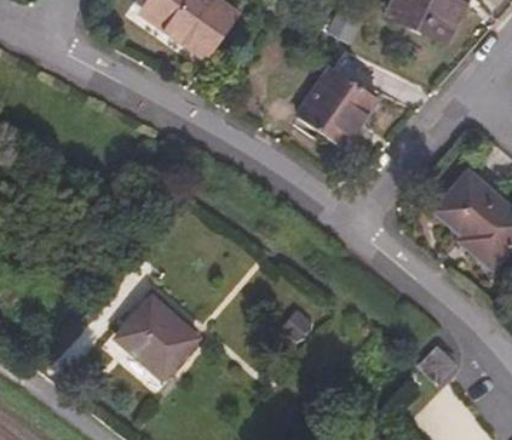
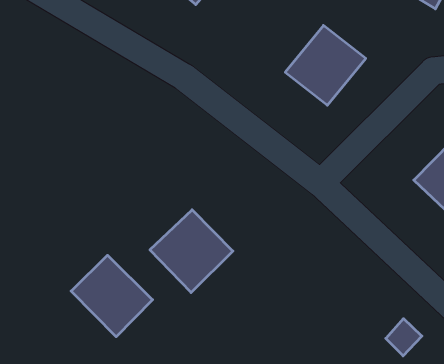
building: none -> [150,210,233,293]

